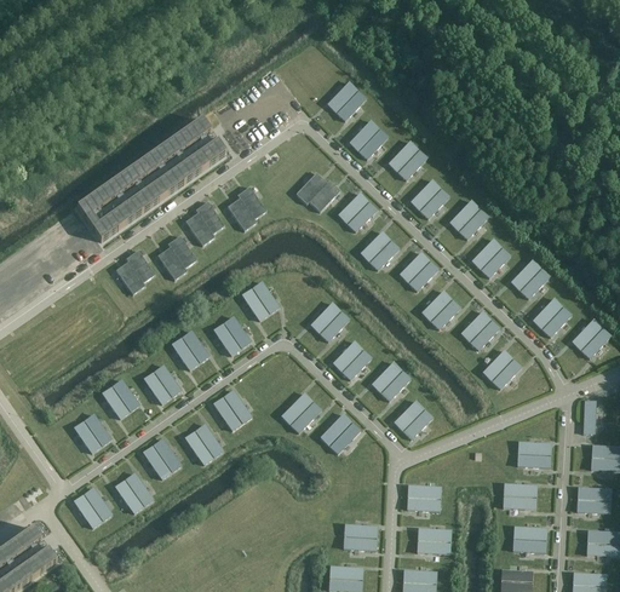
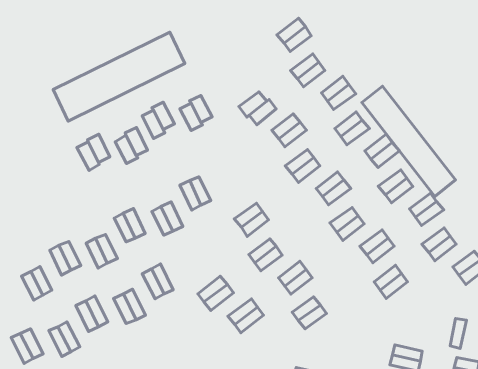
building: none -> [362,86,456,197]

